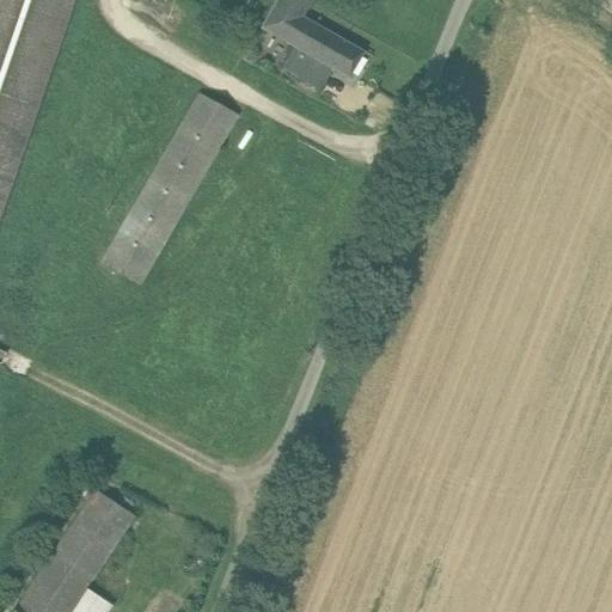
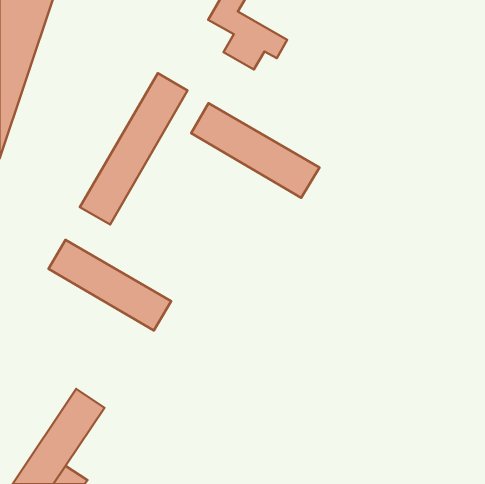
building: none -> [191,103,319,198]
building: none -> [49,240,171,331]

